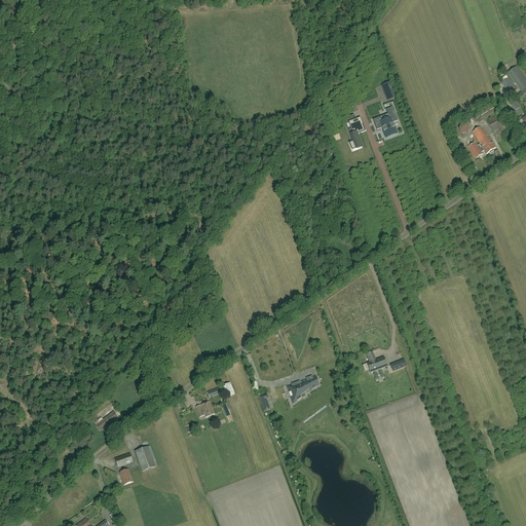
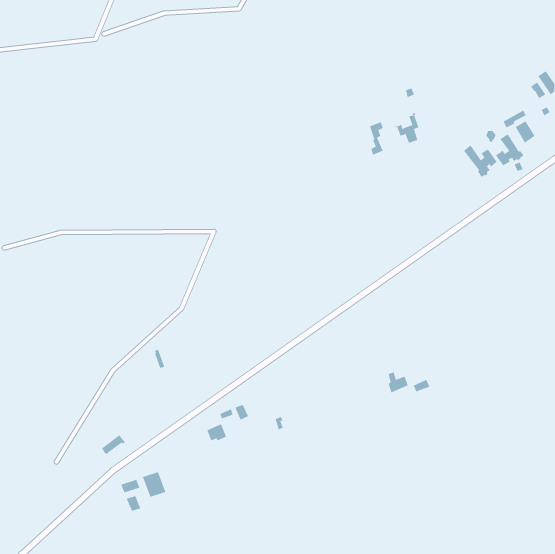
building: none -> [463,144,497,178]
building: [286,375,318,403] -> none

